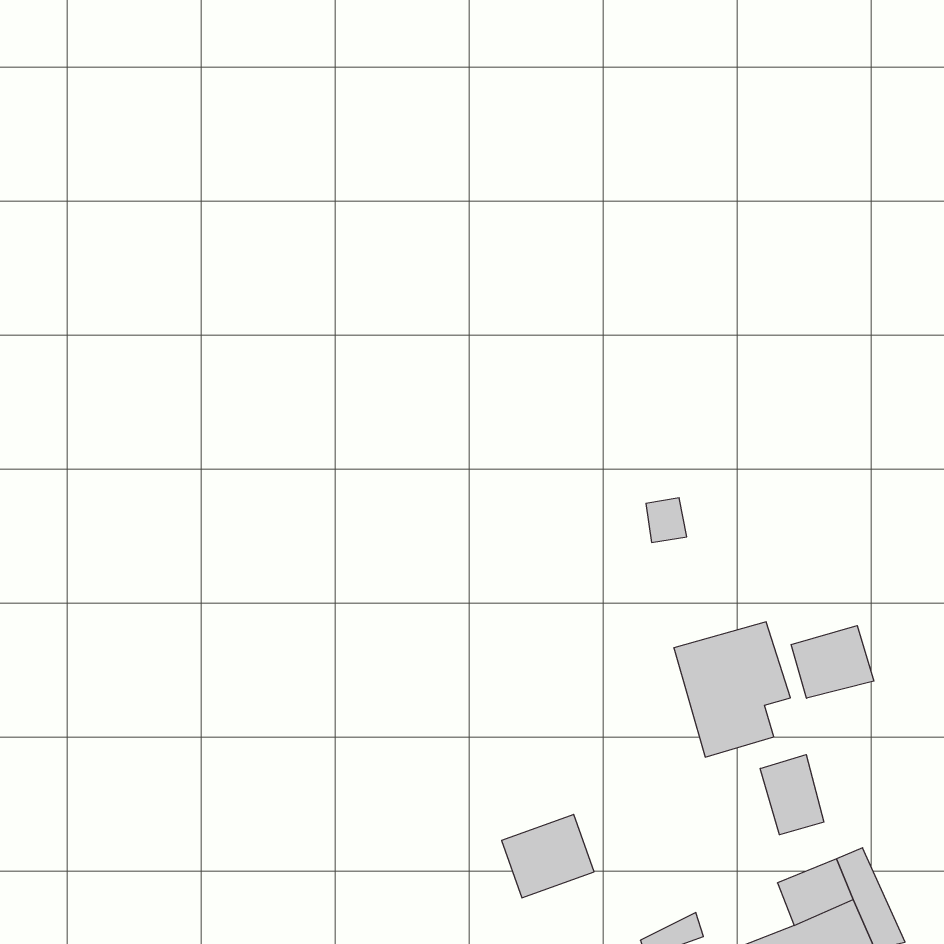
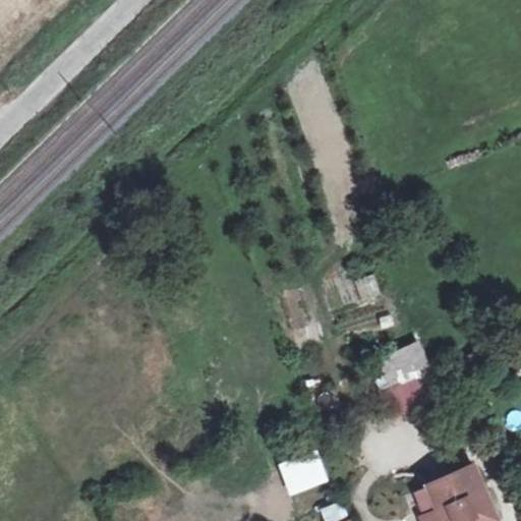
building: [791,626,874,698] -> none
building: [760,755,824,835] -> none

